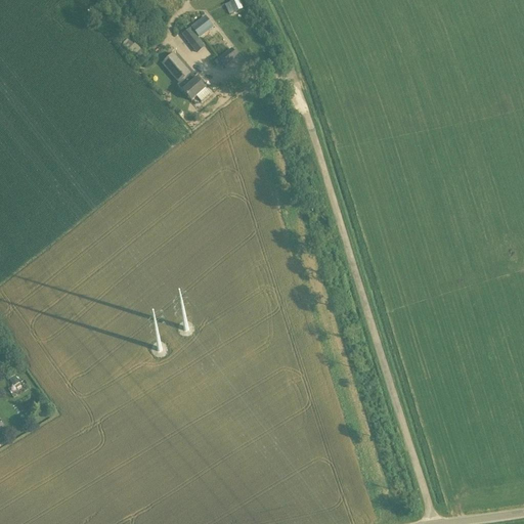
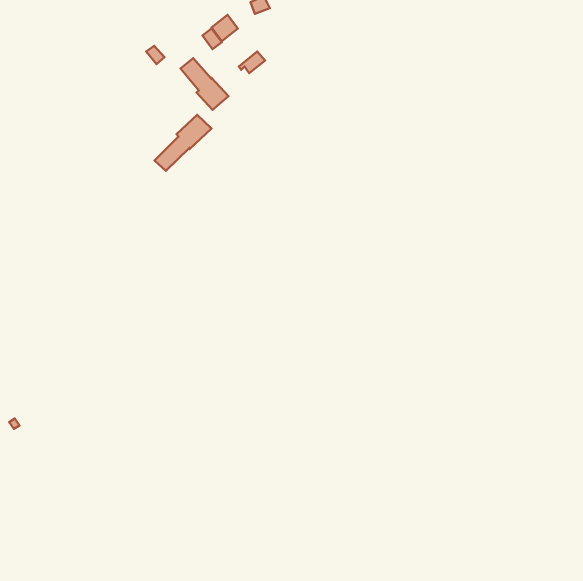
building: none -> [155,115,211,171]

